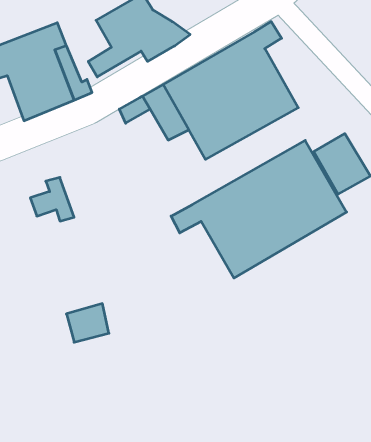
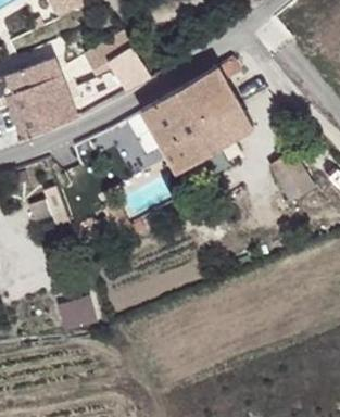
building: [171,140,347,278] -> none

